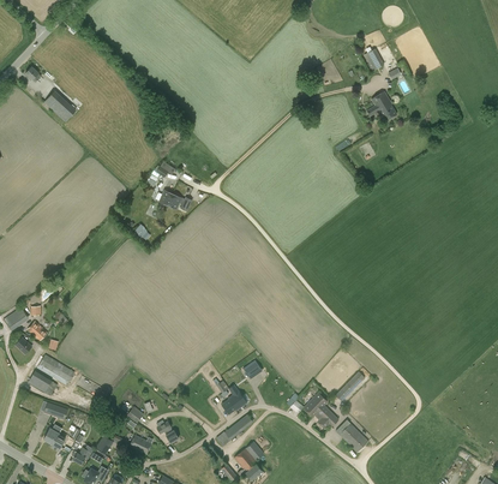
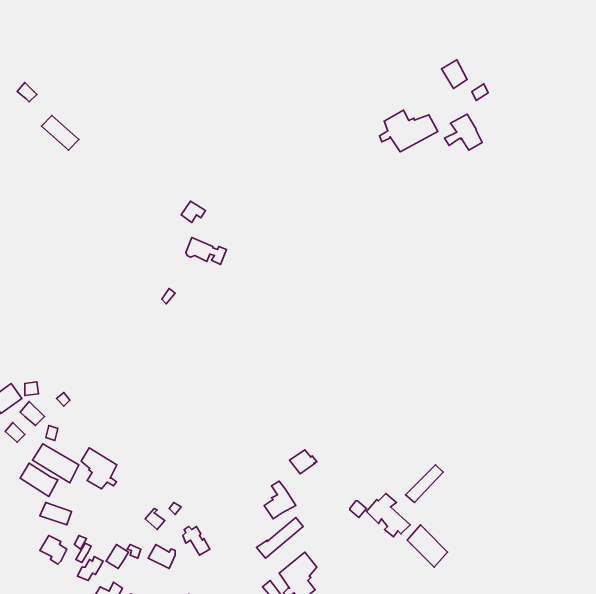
building: none -> [380,110,438,152]
building: none -> [81,448,117,489]

